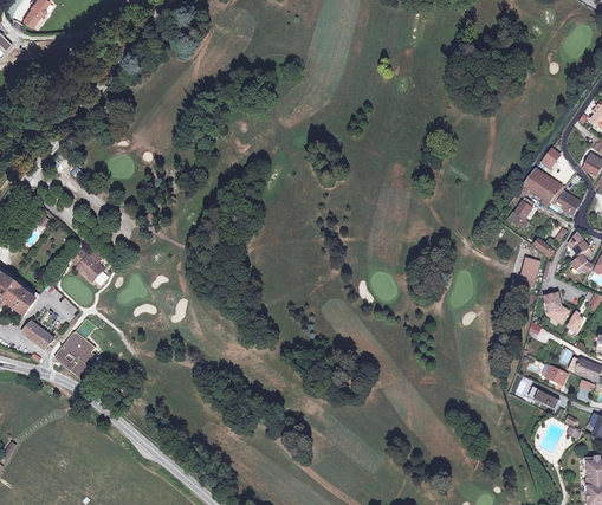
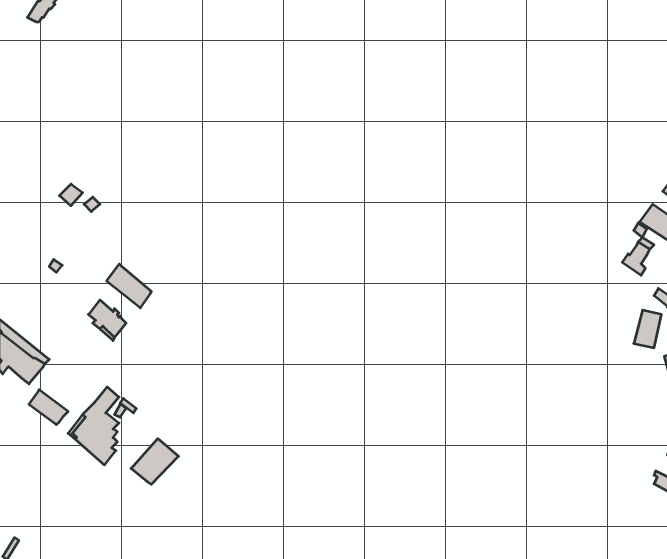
building: none -> [107,264,151,308]
building: none -> [131,439,179,484]

